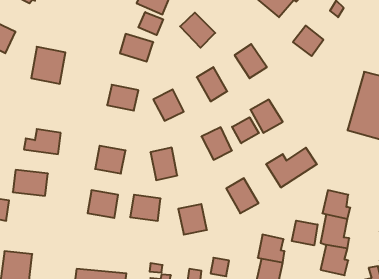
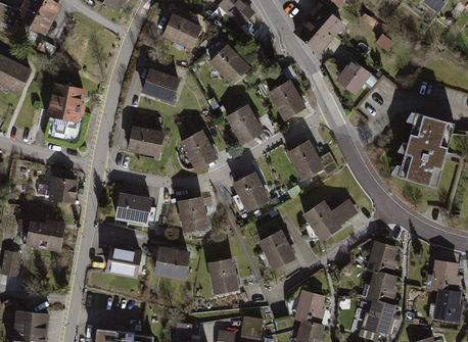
building: [138,12,163,35] -> none
building: [232,117,259,143] -> none
building: [292,221,318,245] -> none

